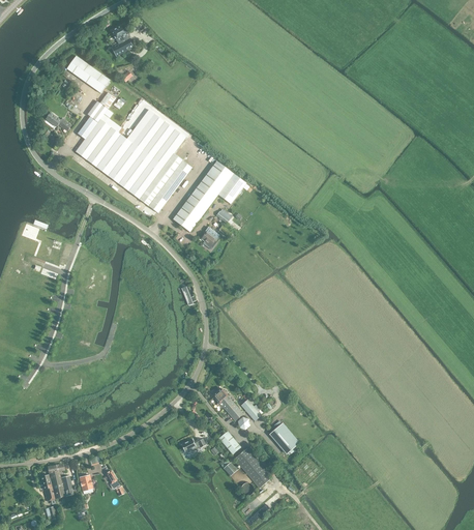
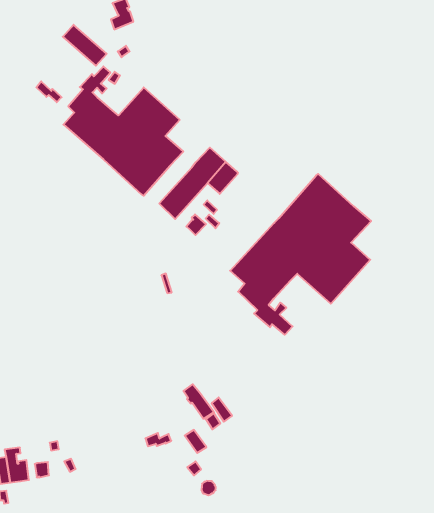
building: none -> [230,174,371,335]
building: [269,420,298,453] -> none
building: [234,448,271,488] -> none

